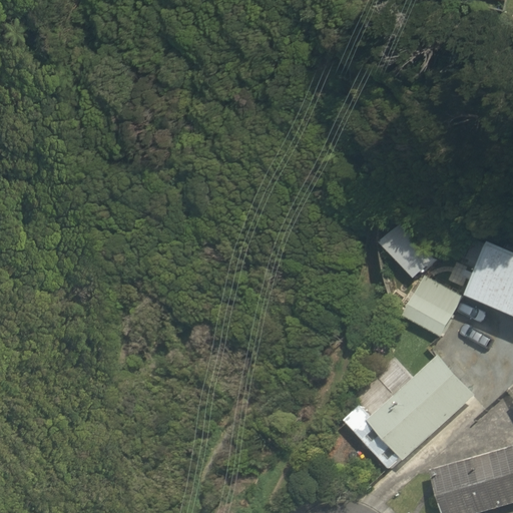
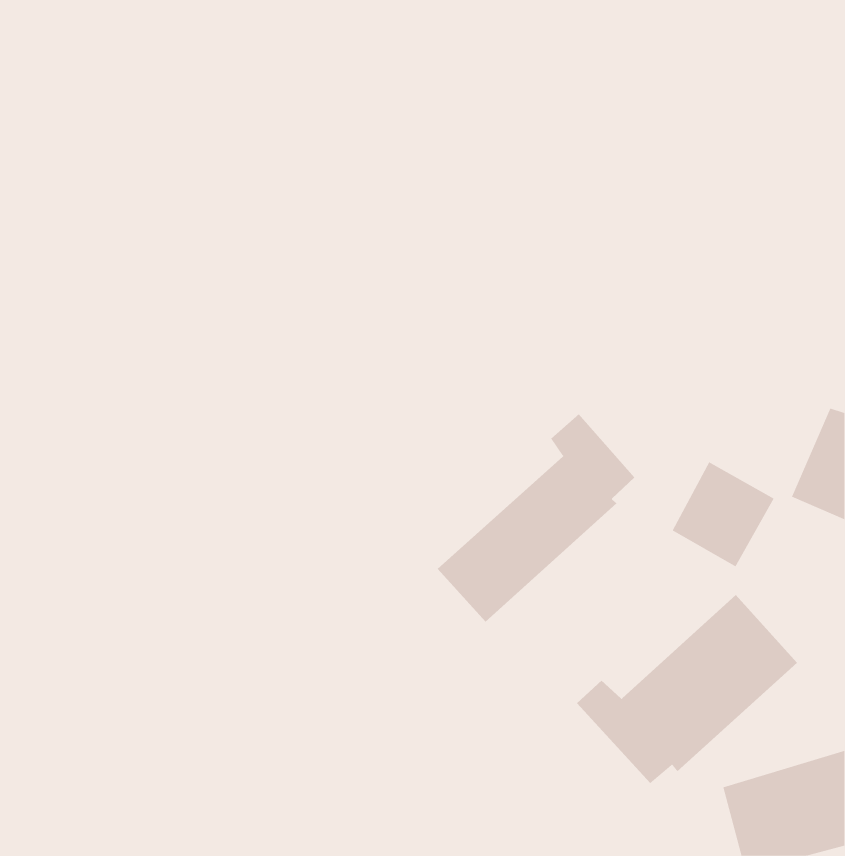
building: [379,222,434,279] -> none
building: none -> [437,414,635,622]

